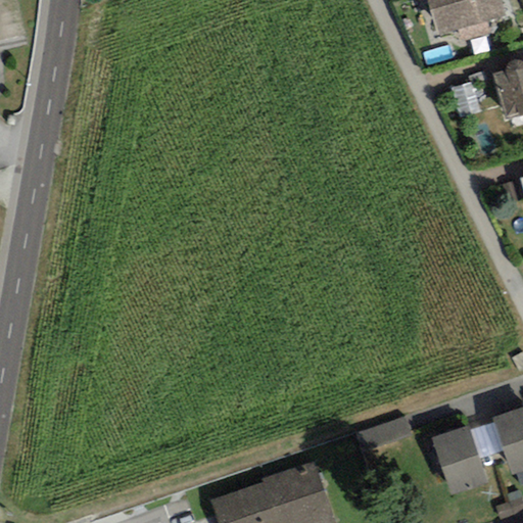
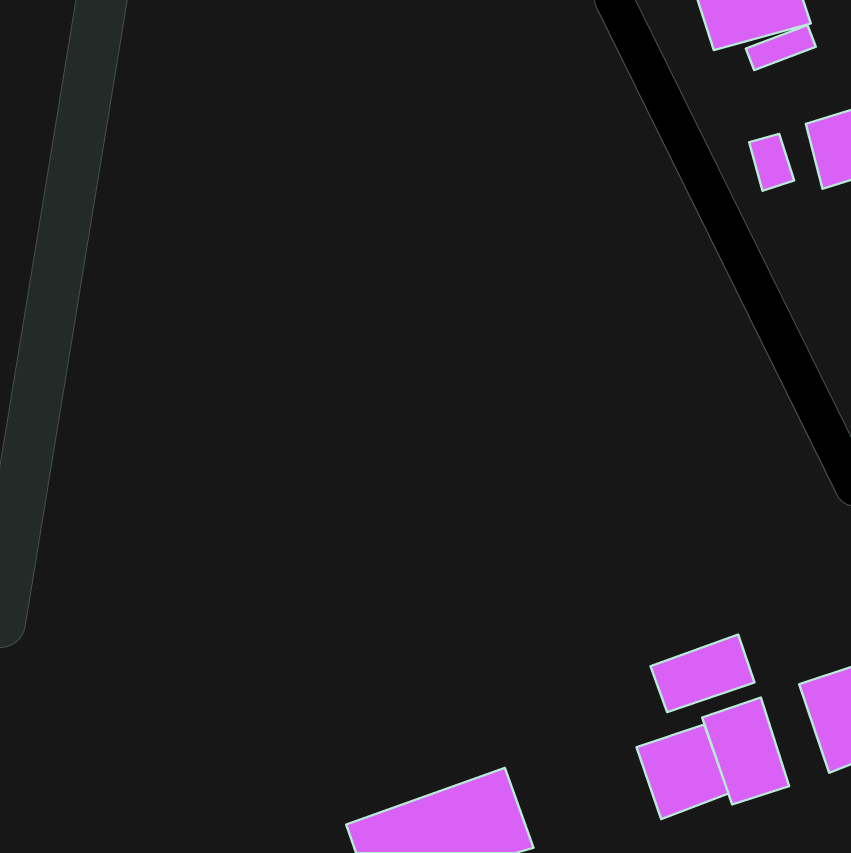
building: none -> [650,635,755,712]
building: none -> [637,725,729,819]

